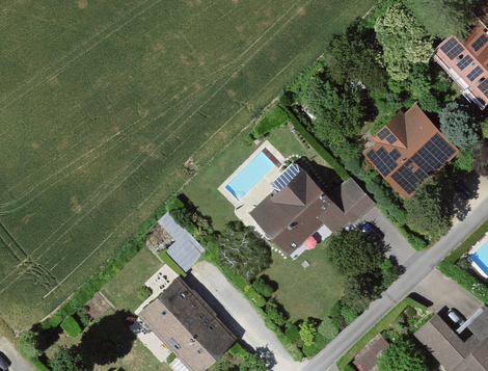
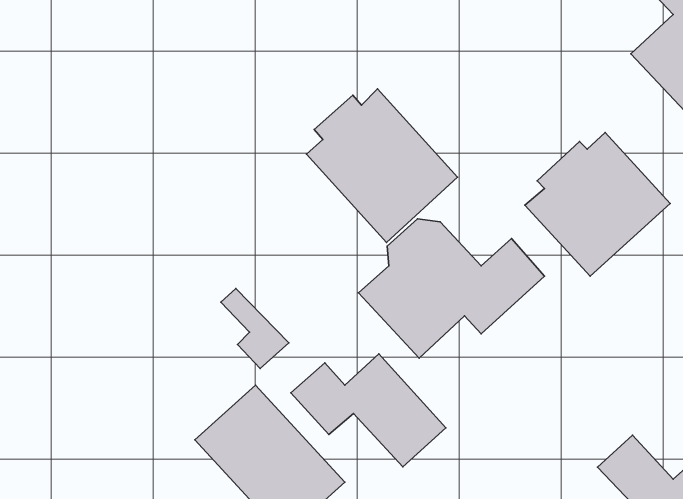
building: none -> [307,89,457,242]
building: none -> [291,354,446,467]

